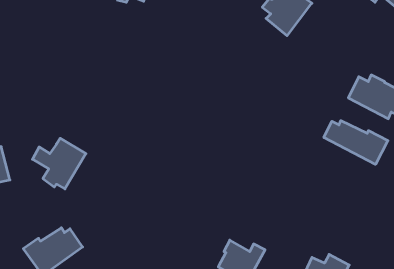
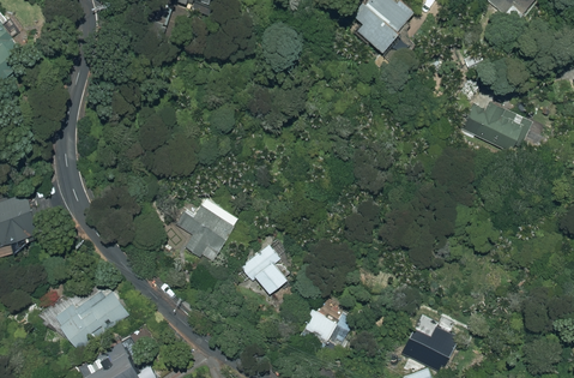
building: [324,121,388,164] -> none
building: [32,138,86,189] -> [170,196,237,259]
building: none -> [240,241,286,292]

